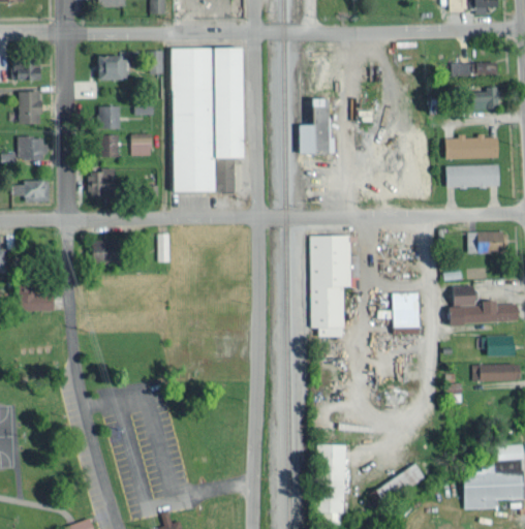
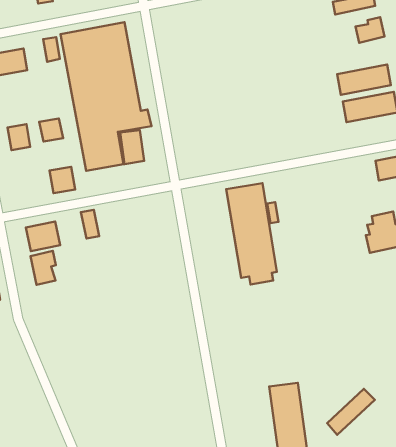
building: [296,99,335,154] -> none
building: [99,106,120,129] -> none
building: [94,168,117,192] -> [50,167,75,193]
building: none -> [31,251,56,285]
building: [392,293,420,328] -> none

